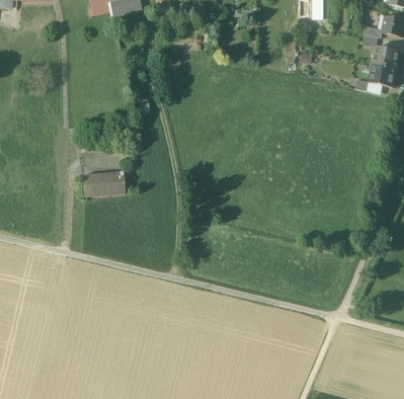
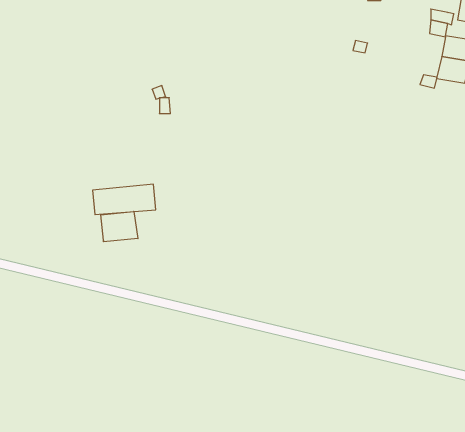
building: none -> [101,211,138,242]

